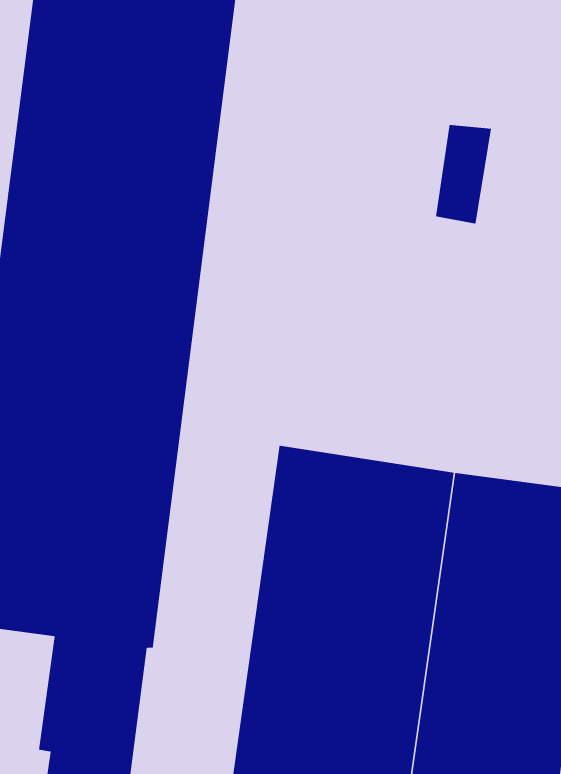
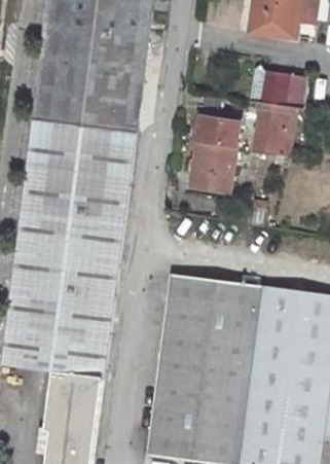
building: none -> [260,71,298,106]
building: none -> [191,115,240,191]

